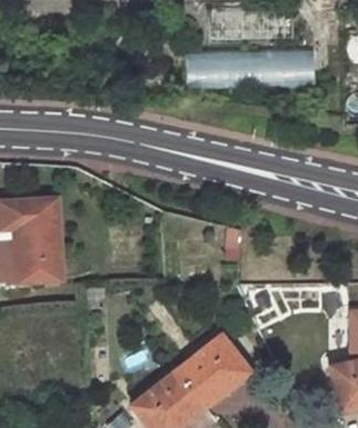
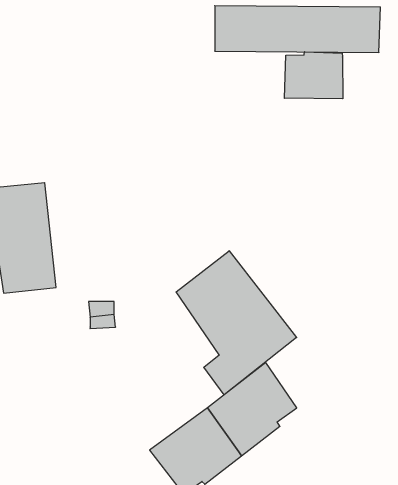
building: none -> [284,52,343,99]
building: none -> [176,251,297,395]

